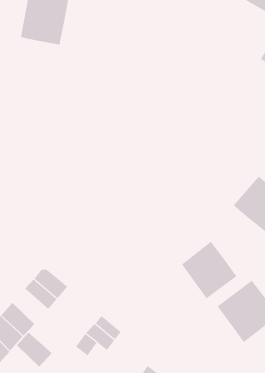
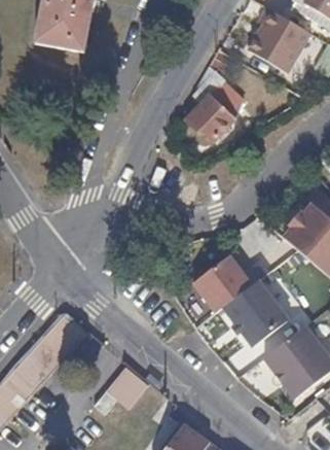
building: none -> [250,8,311,74]
building: none -> [185,68,235,142]
building: none -> [192,254,256,312]
building: [16,332,53,367] -> [27,335,69,376]

